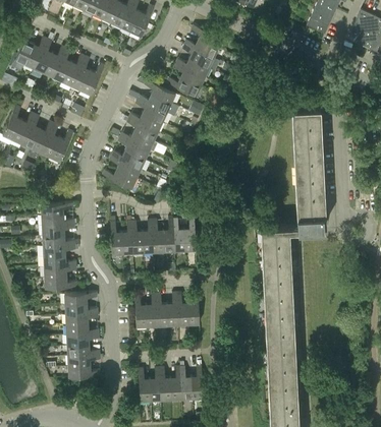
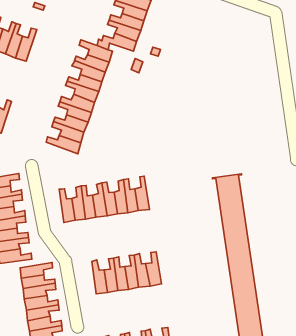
building: [290,107,323,235] -> none

